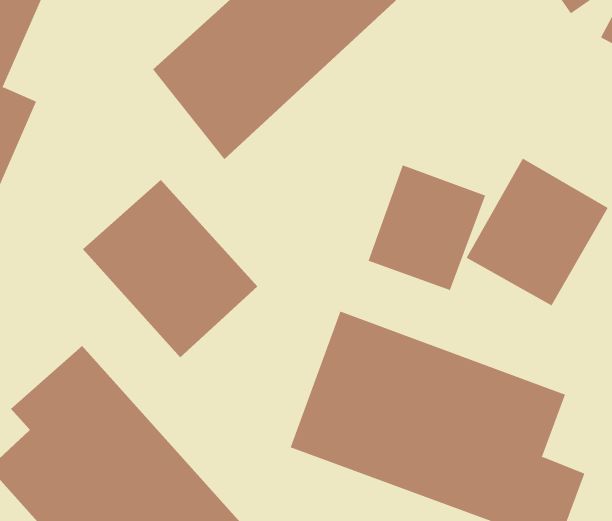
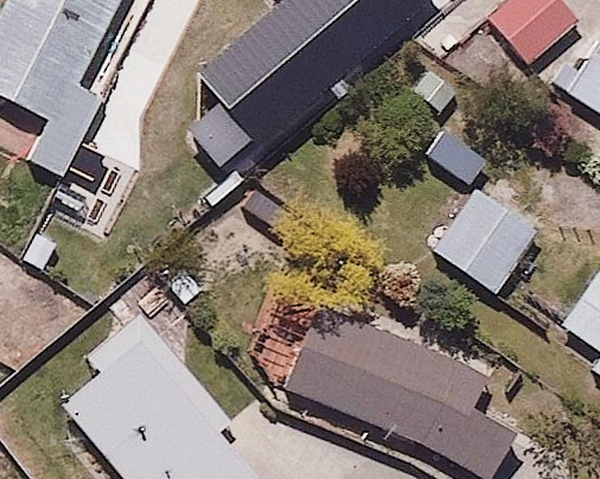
building: [368,165,486,291] -> none
building: [82,179,258,358] -> none

